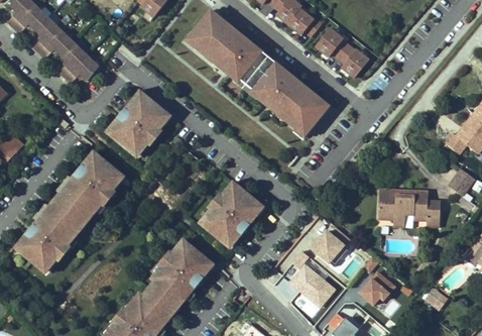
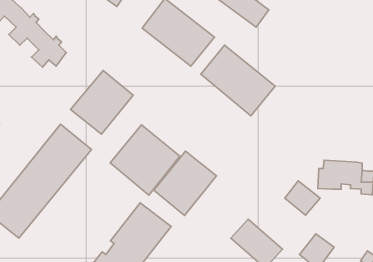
building: [313,26,370,78] -> none
building: none -> [110,125,180,195]
building: [310,228,349,266] -> [285,181,320,215]

